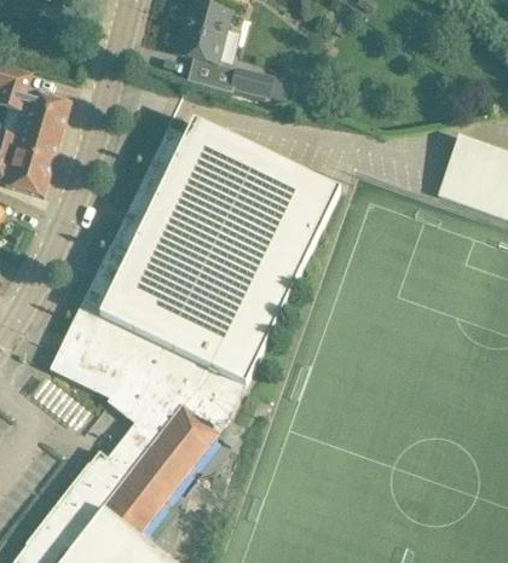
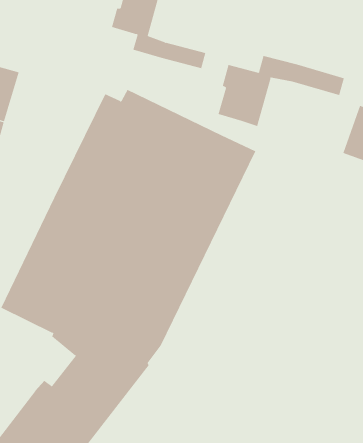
building: none -> [218,55,345,127]

